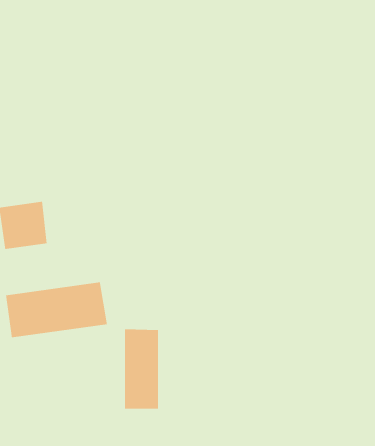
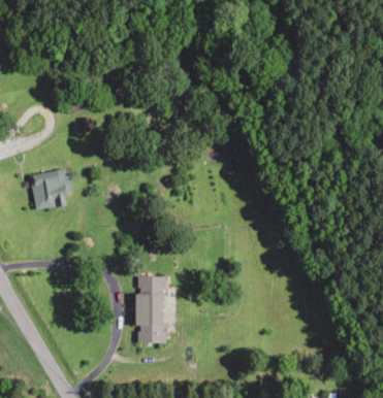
building: [6,282,108,338] -> none

